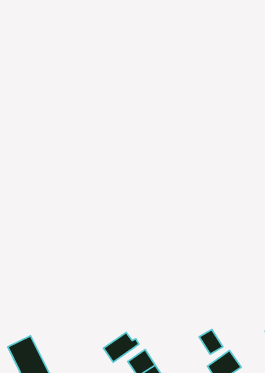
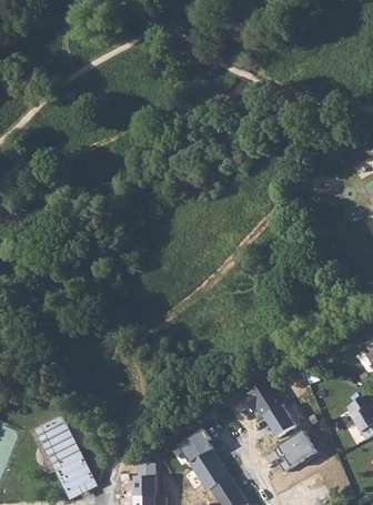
building: none -> [244,382,281,417]
building: [104,333,139,362] -> none

